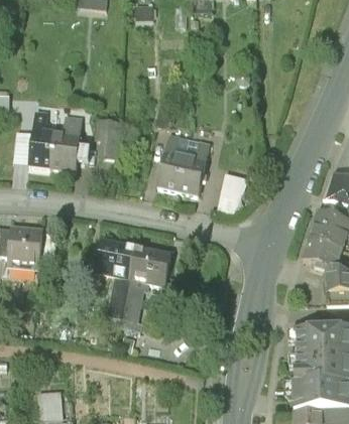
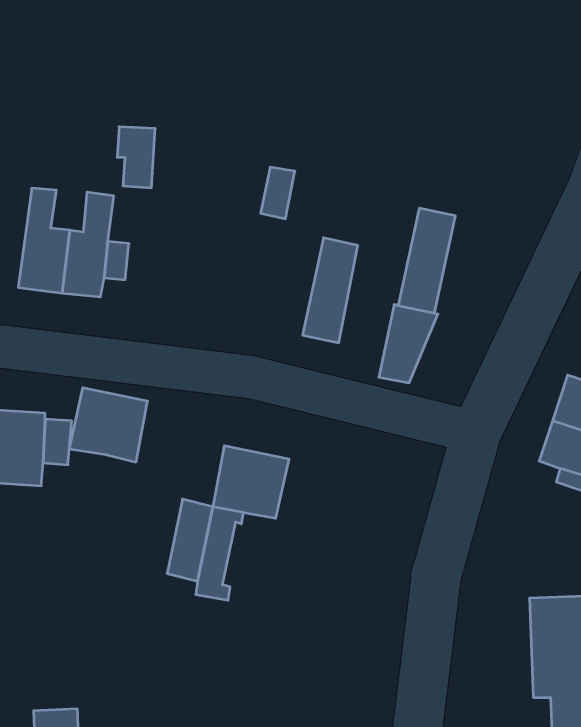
building: [98,125,118,157] -> [117,127,155,188]
building: [158,134,189,189] -> [398,208,455,313]
building: [95,241,136,280] -> [69,388,148,462]

